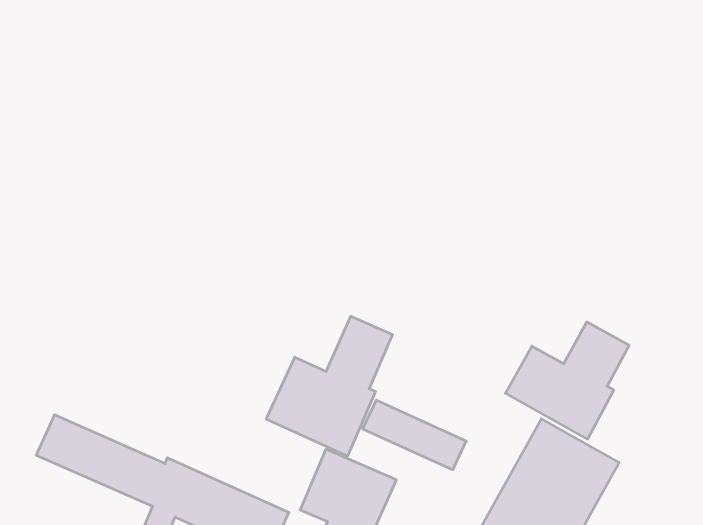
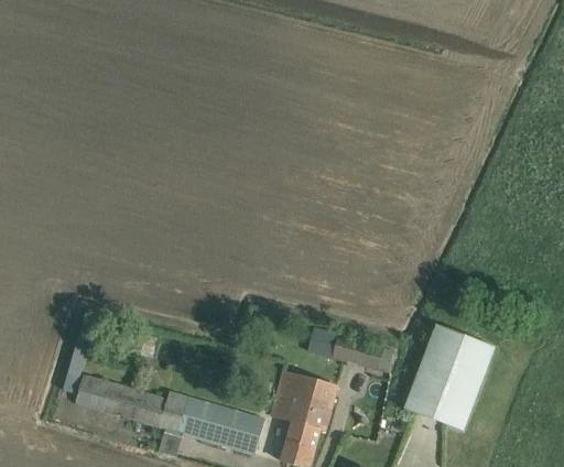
building: [266,316,393,456] -> none
building: [505,322,629,439] -> none

